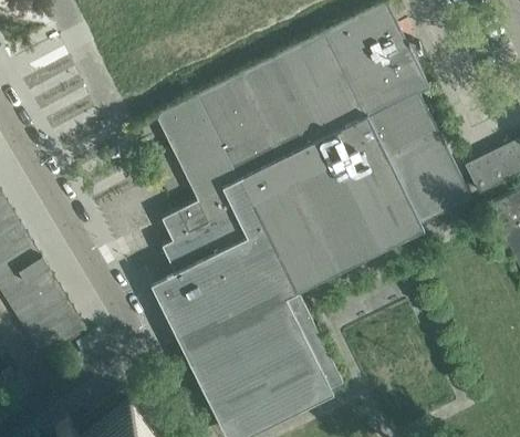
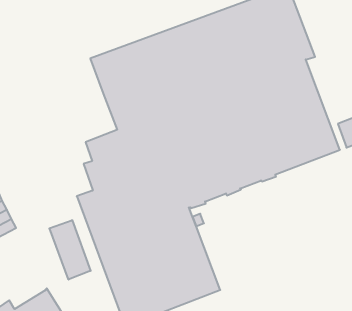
building: none -> [49,220,91,280]

